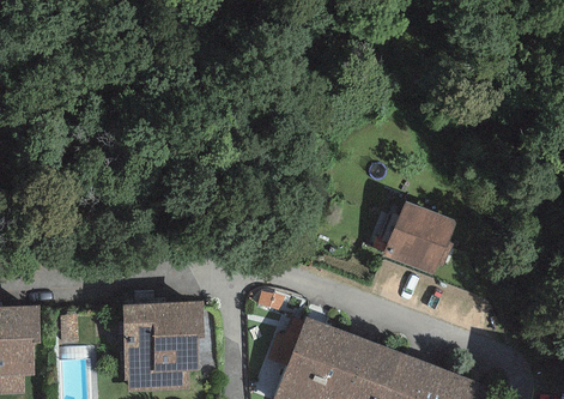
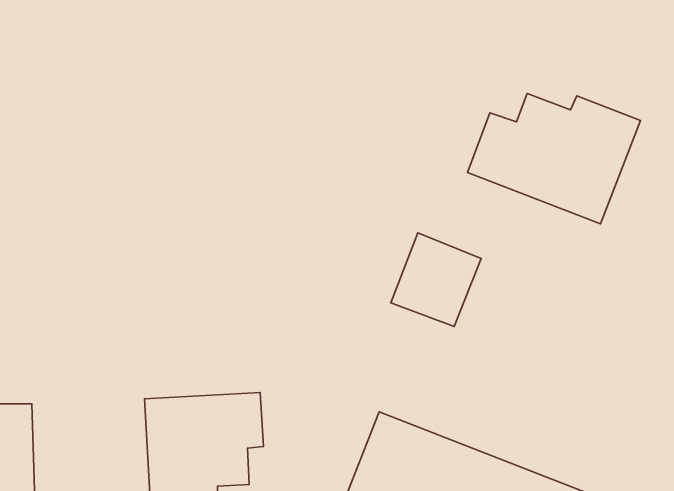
building: none -> [467,93,640,224]
building: [382,198,450,268] -> [391,233,481,327]

